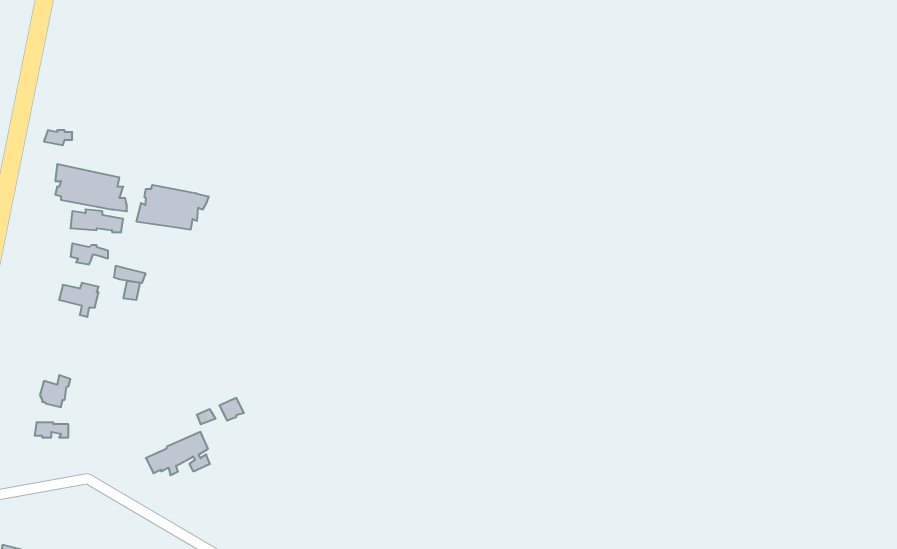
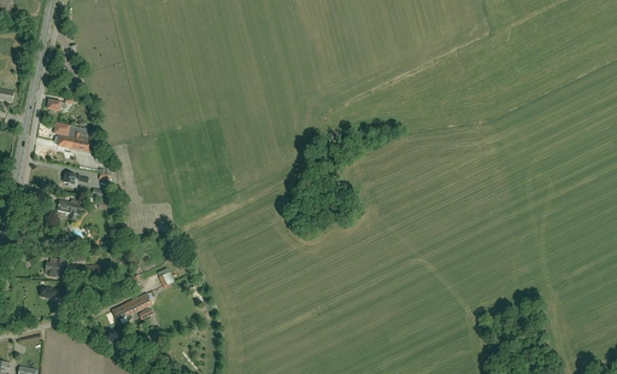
building: [137,185,209,230] -> none

